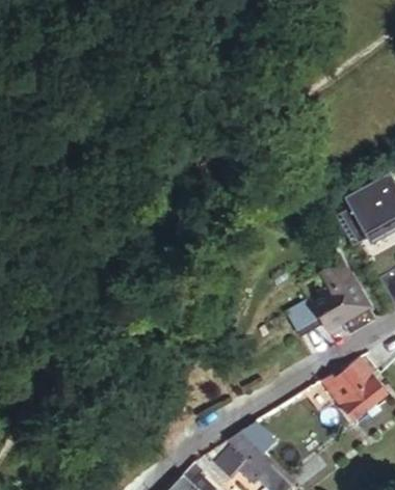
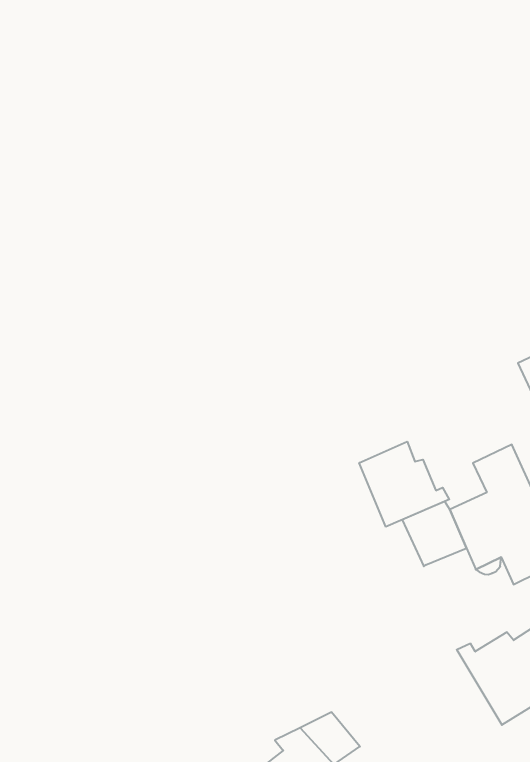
building: none -> [359,442,449,527]

